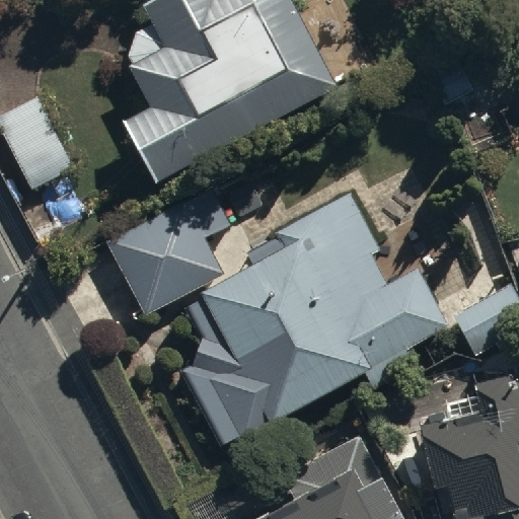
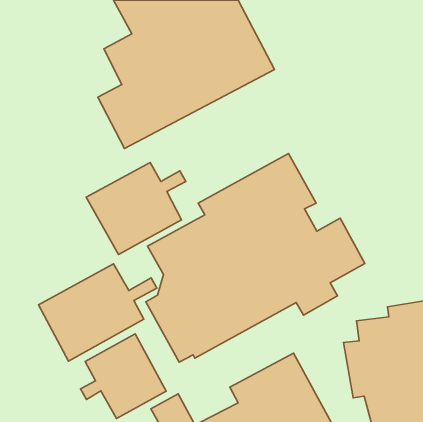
building: none -> [38,264,157,361]
building: none -> [80,334,166,418]

